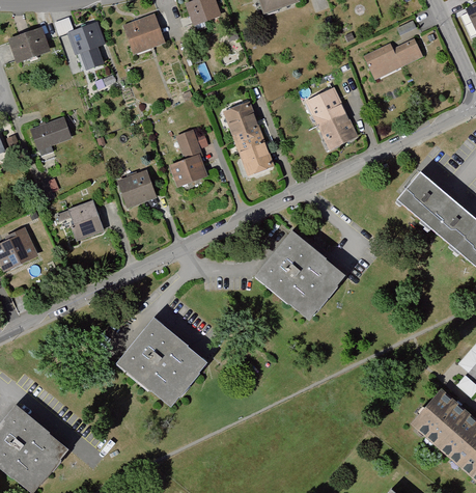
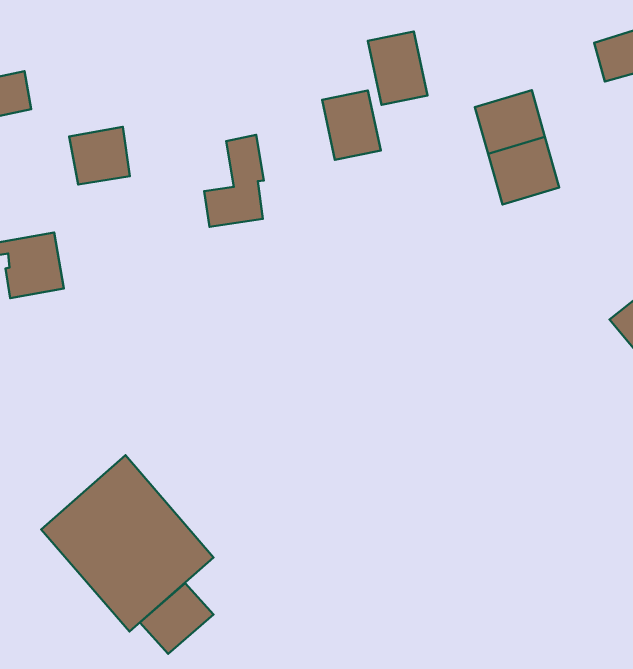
building: [235,130,273,172] -> [368,31,428,105]
building: [116,173,152,209] -> [69,127,130,184]
building: [251,225,346,320] -> none
building: none -> [140,583,214,654]

